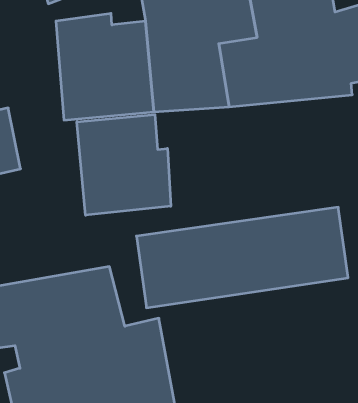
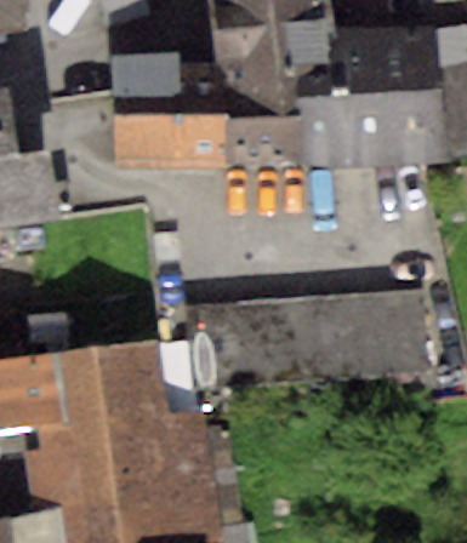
building: [77,115,171,215] -> none

